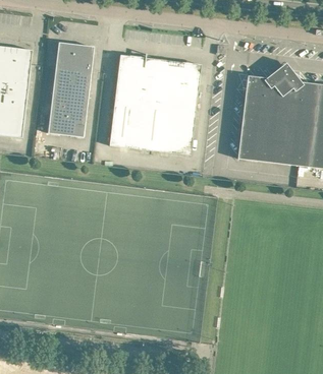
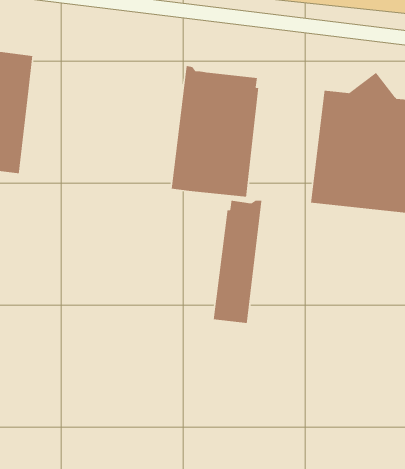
building: [47,42,93,137] -> none
building: [108,56,145,148] -> [213,198,263,324]

